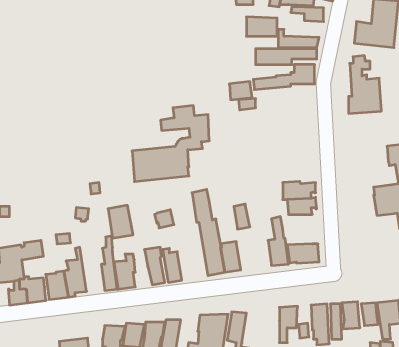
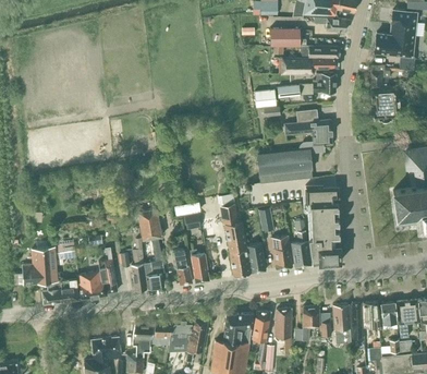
building: [132,106,209,182] -> [257,110,331,183]
building: none -> [310,216,339,239]
building: none -> [270,236,292,269]
building: none -> [274,307,290,337]

